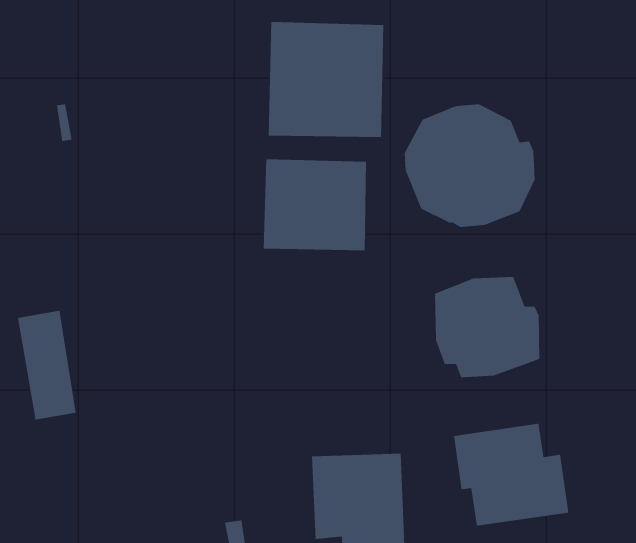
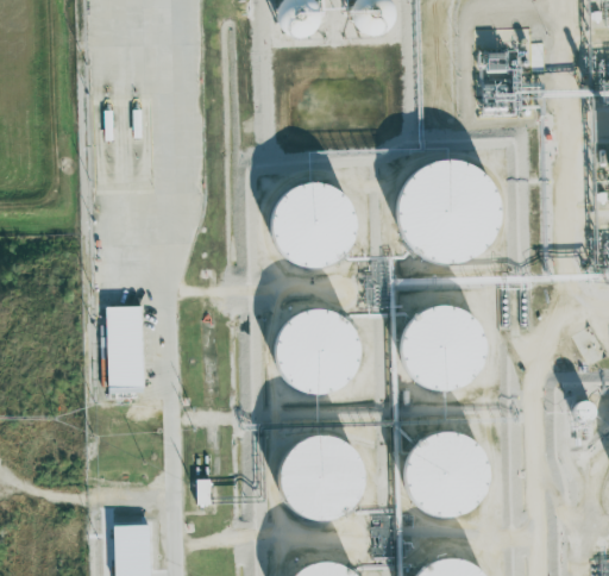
building: [268,21,384,138] -> none
building: none -> [274,308,362,393]
building: [17,310,76,420] -> [109,305,147,394]

